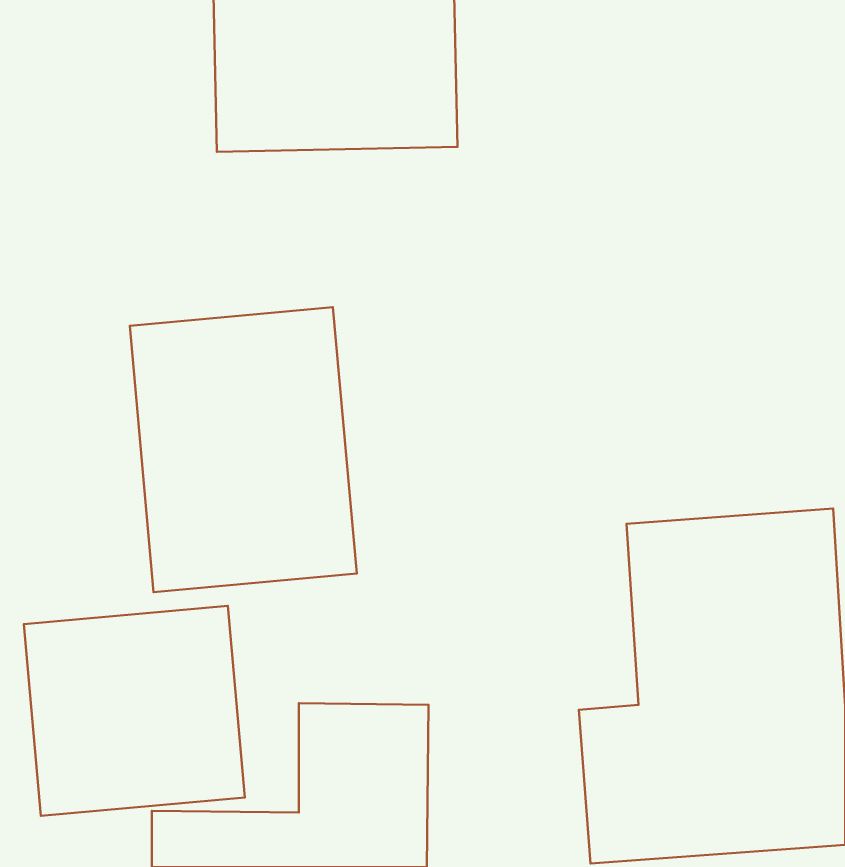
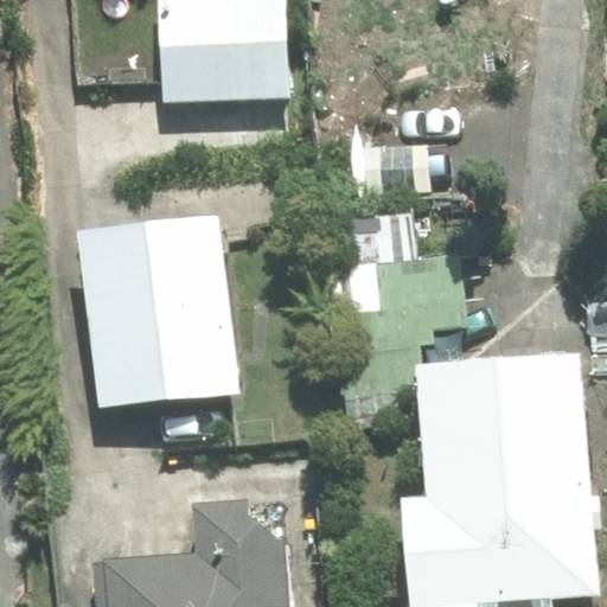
building: [24,606,245,816] -> none

